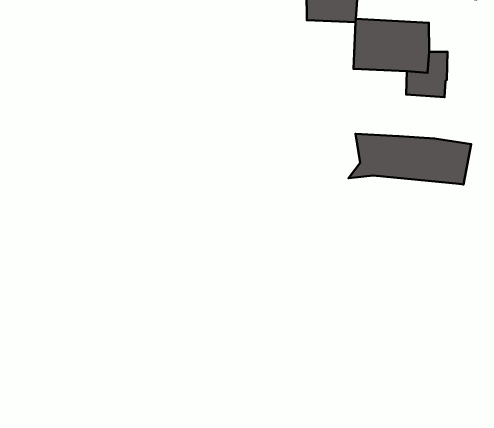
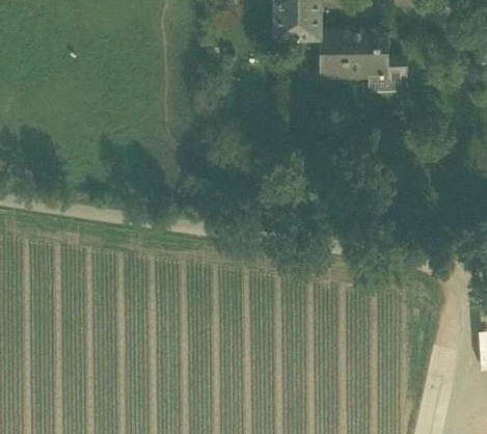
building: [349,134,471,184] -> none

